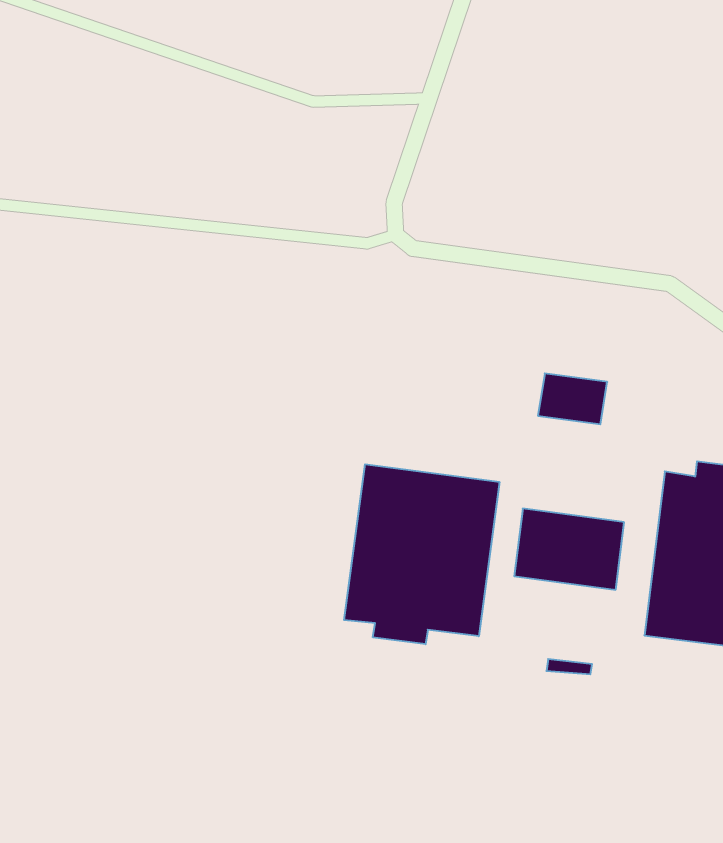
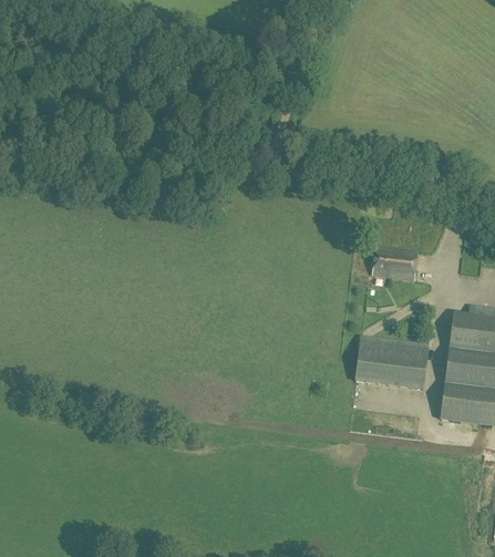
building: [344,464,499,644] -> none

